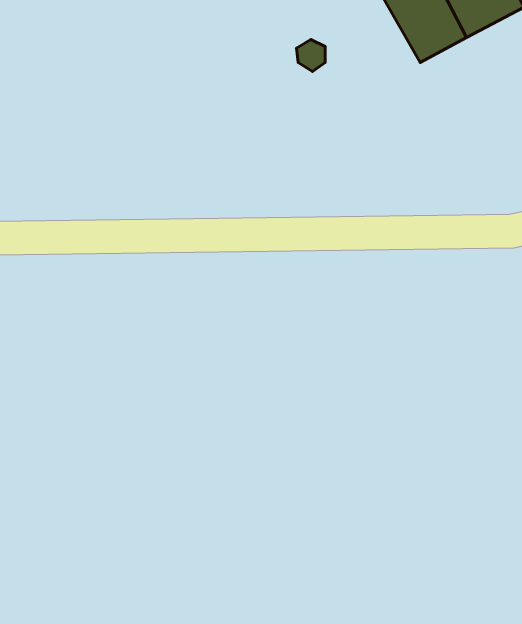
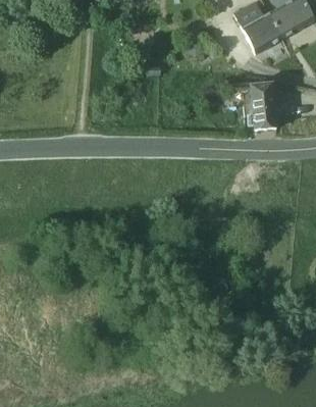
building: none -> [251,81,276,126]

